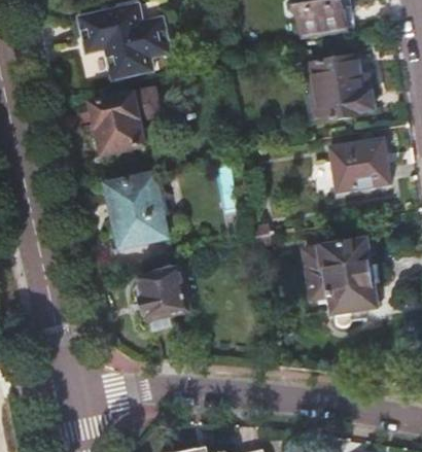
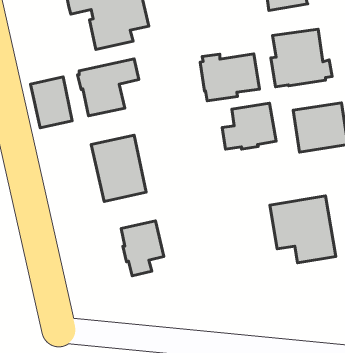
building: none -> [200,54,259,101]
building: none -> [31,77,72,128]
building: none -> [222,103,276,149]

